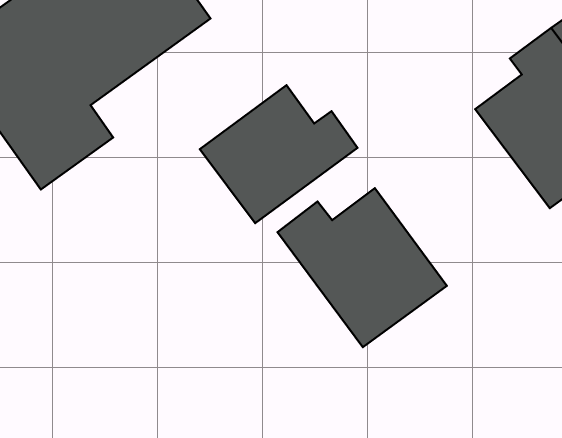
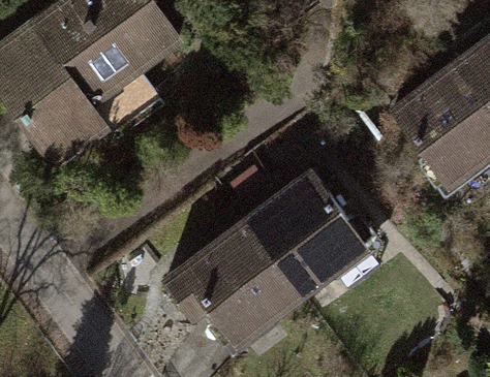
building: [200,85,357,223] -> none
building: none -> [178,210,303,348]

